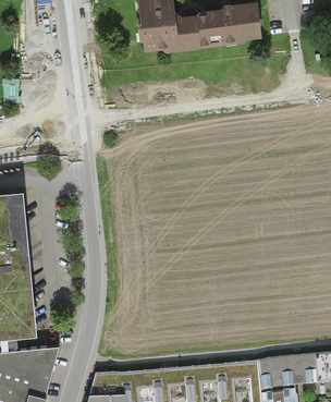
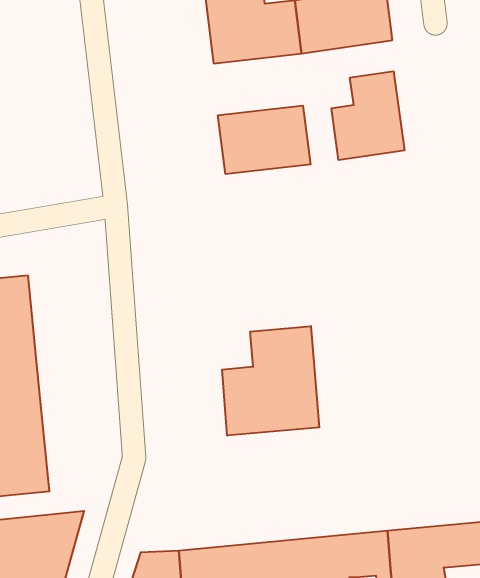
building: none -> [331,71,404,160]
building: none -> [218,106,311,174]
building: none -> [222,326,319,436]

